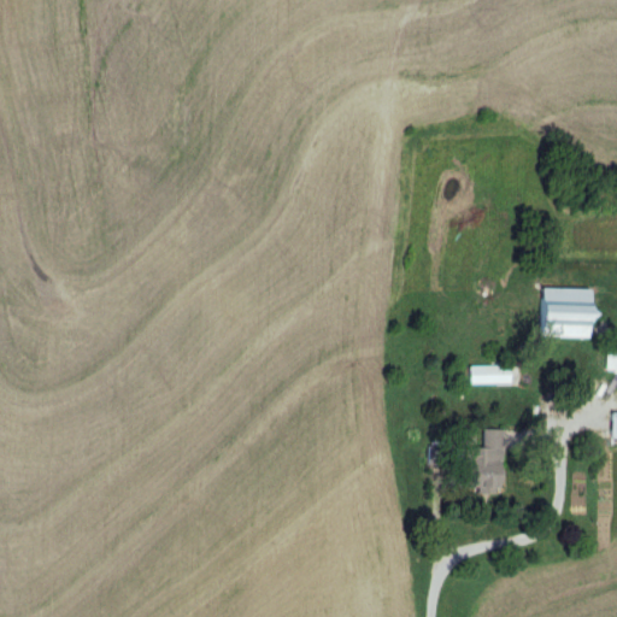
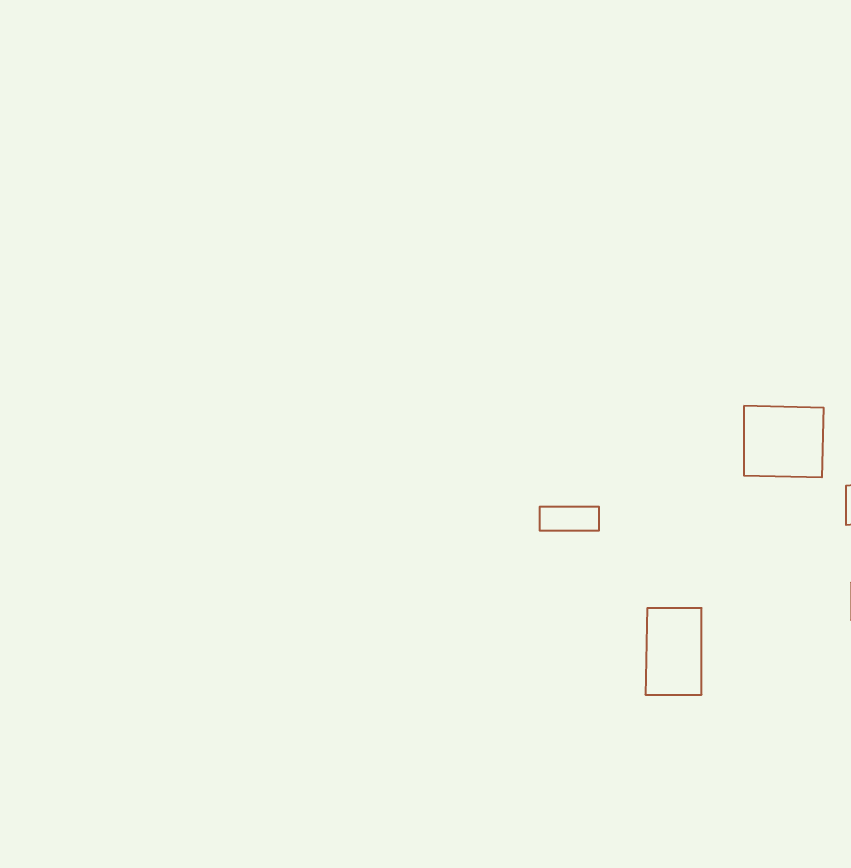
building: [475,366,517,383] -> [540,507,599,531]

